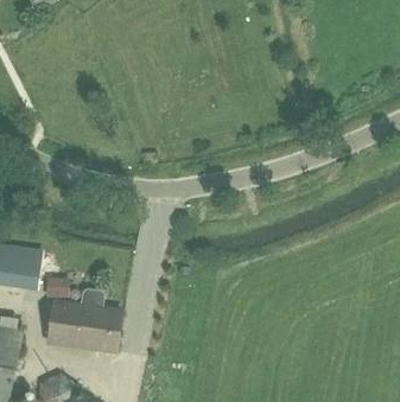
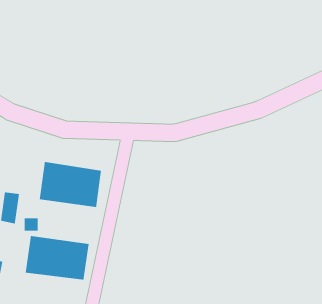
building: none -> [39,161,102,208]

